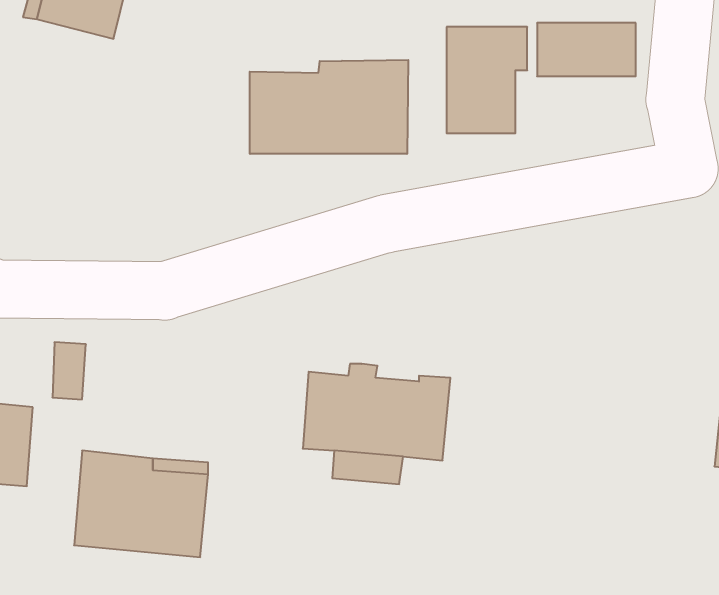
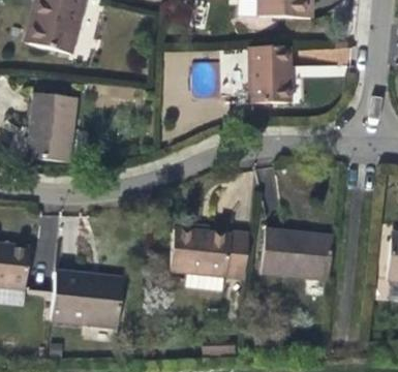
building: [250,60,408,154] -> none
building: none -> [27,92,78,159]
building: none -> [263,227,334,279]

